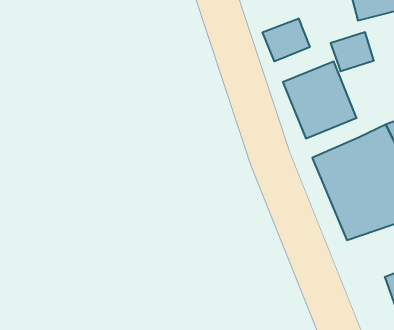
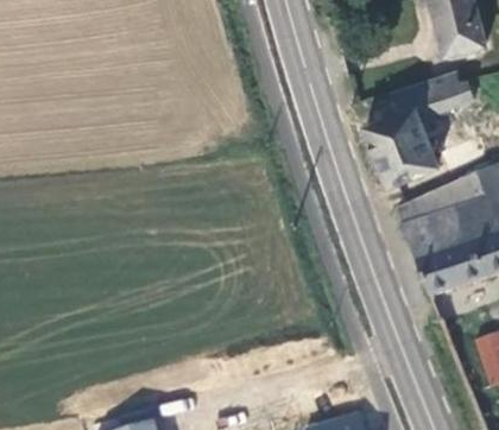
building: [263,18,310,61] -> none

